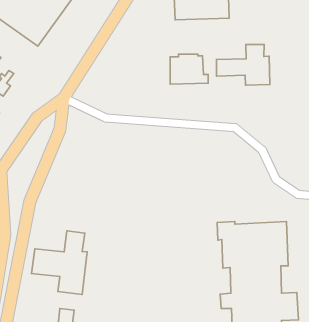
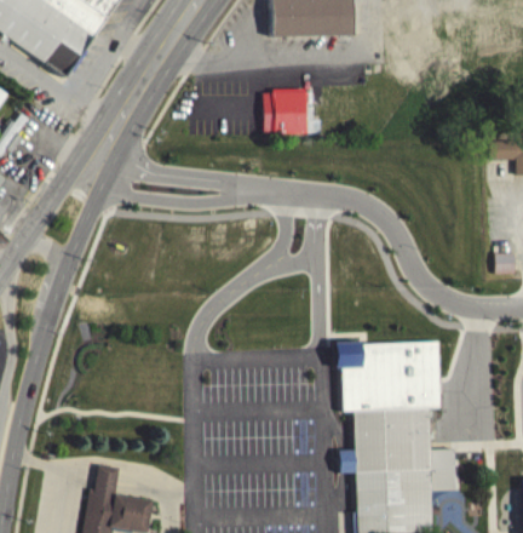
building: [217,44,270,85] -> none
building: [31,231,87,294] -> none

